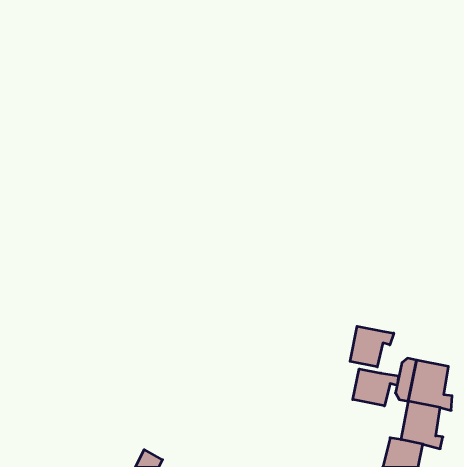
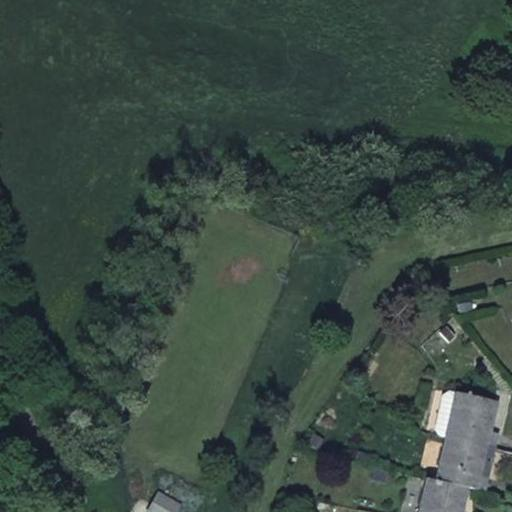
building: [350,326,394,367] -> none
building: [353,369,399,406] -> none

